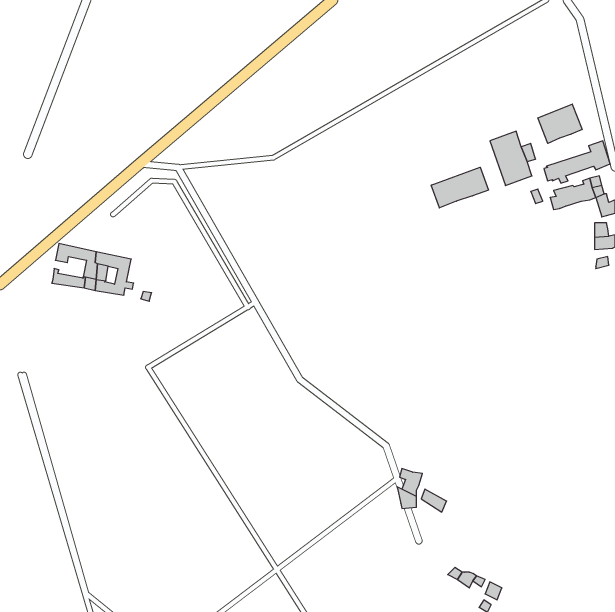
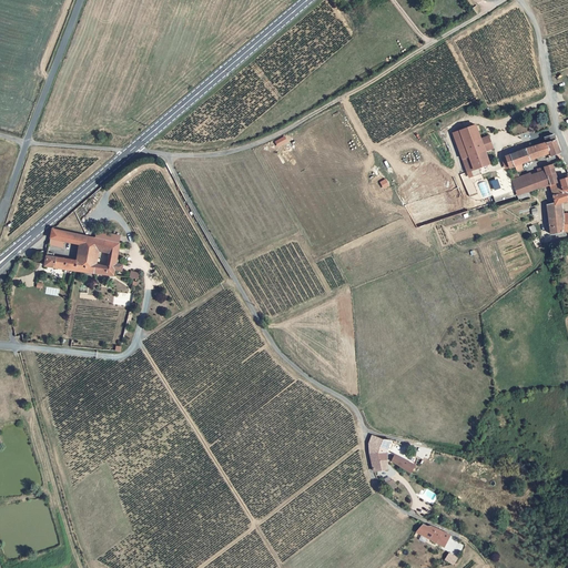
building: [538,104,582,143] -> none
building: [431,167,488,208] -> none

